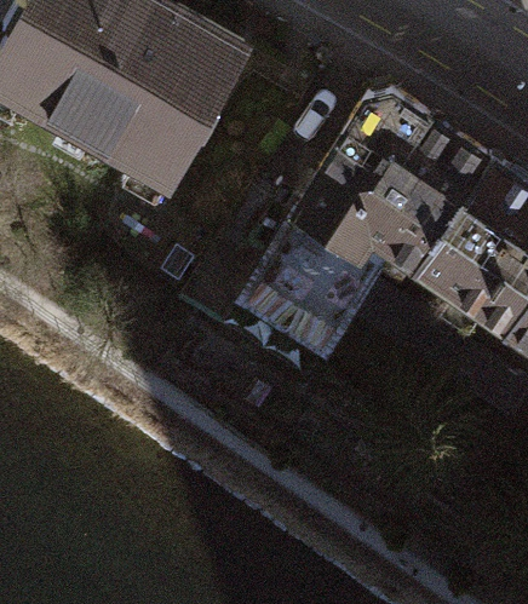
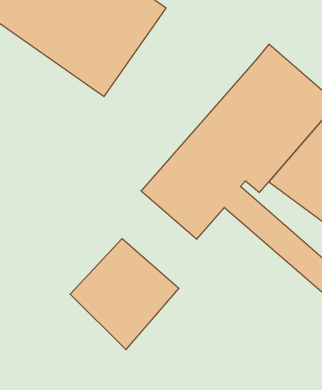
building: none -> [70,239,179,350]

